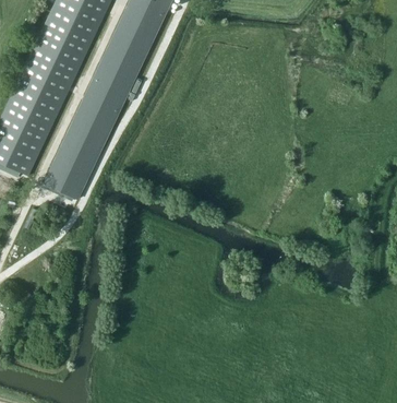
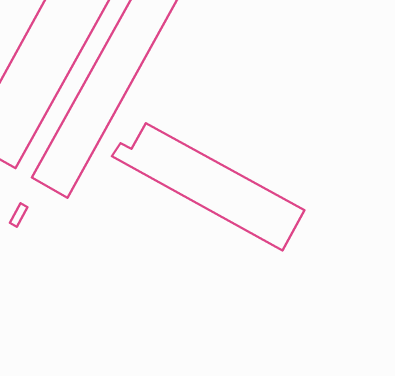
building: none -> [112,123,305,251]

